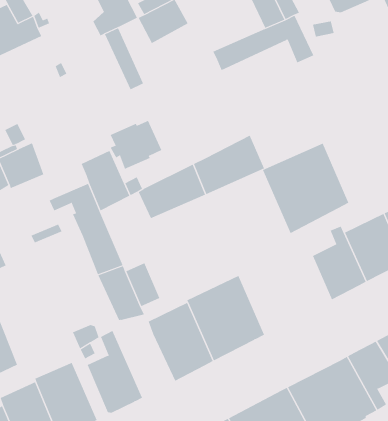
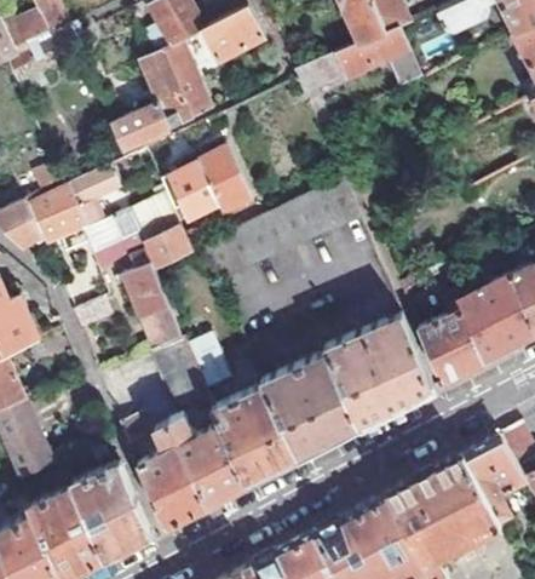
building: none -> [113,51,192,153]
building: none -> [70,167,140,257]
building: [262,143,349,234] -> [326,314,435,428]
building: none -> [171,414,248,506]

